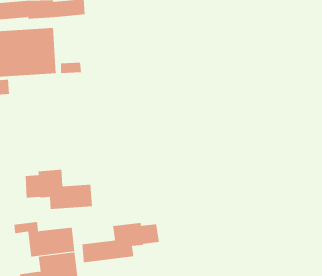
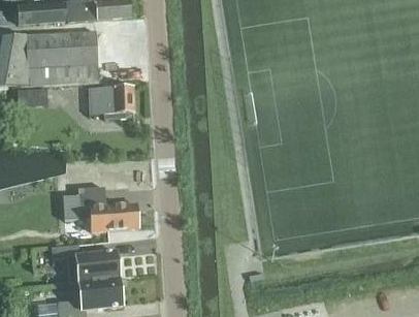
building: none -> [88,86,133,119]
building: [82,222,160,263] -> none

